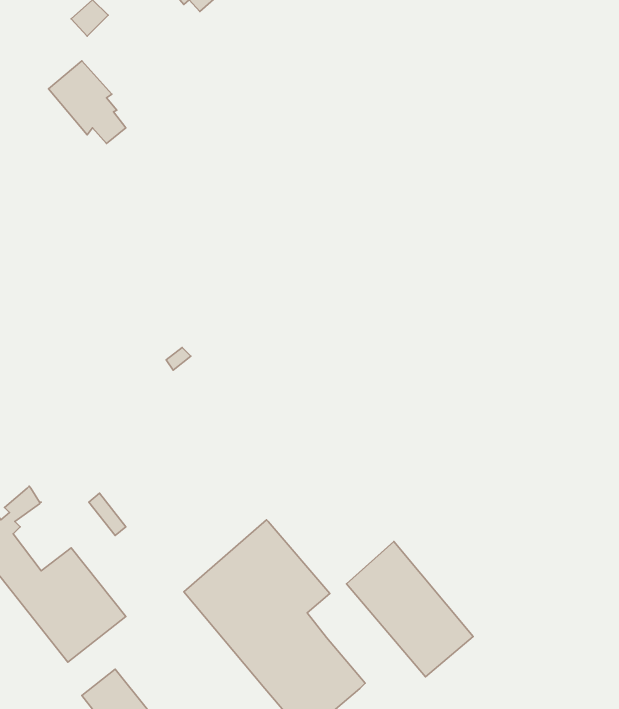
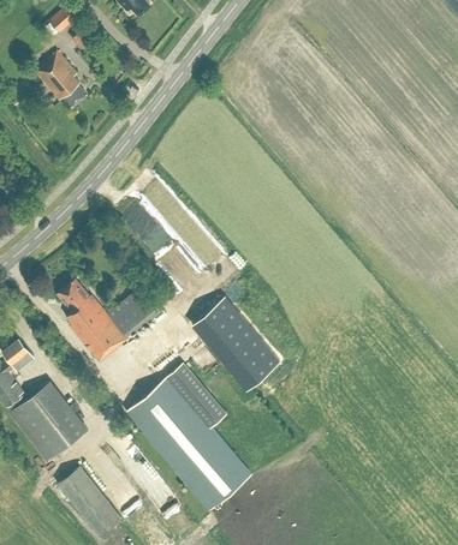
building: none -> [58,280,163,363]
building: [346,541,473,677] -> [192,297,279,389]

